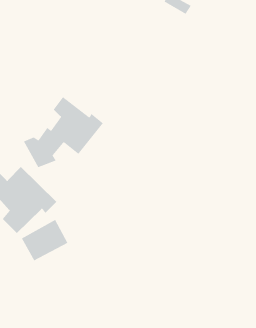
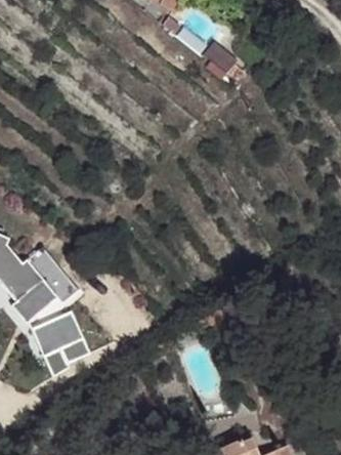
building: [23,96,104,168] -> none

